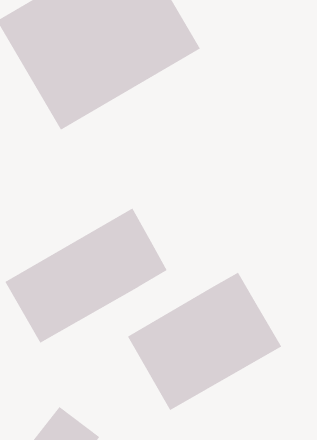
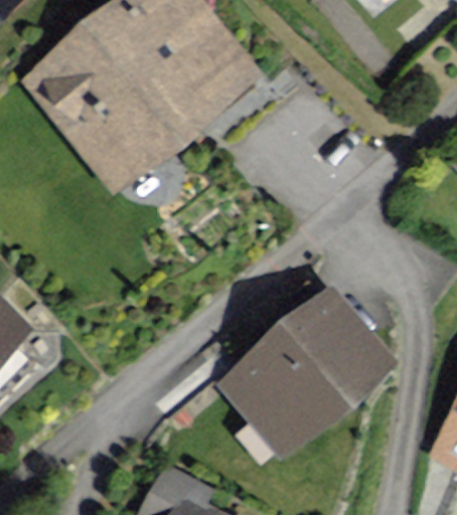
building: [5,208,168,343] -> none

